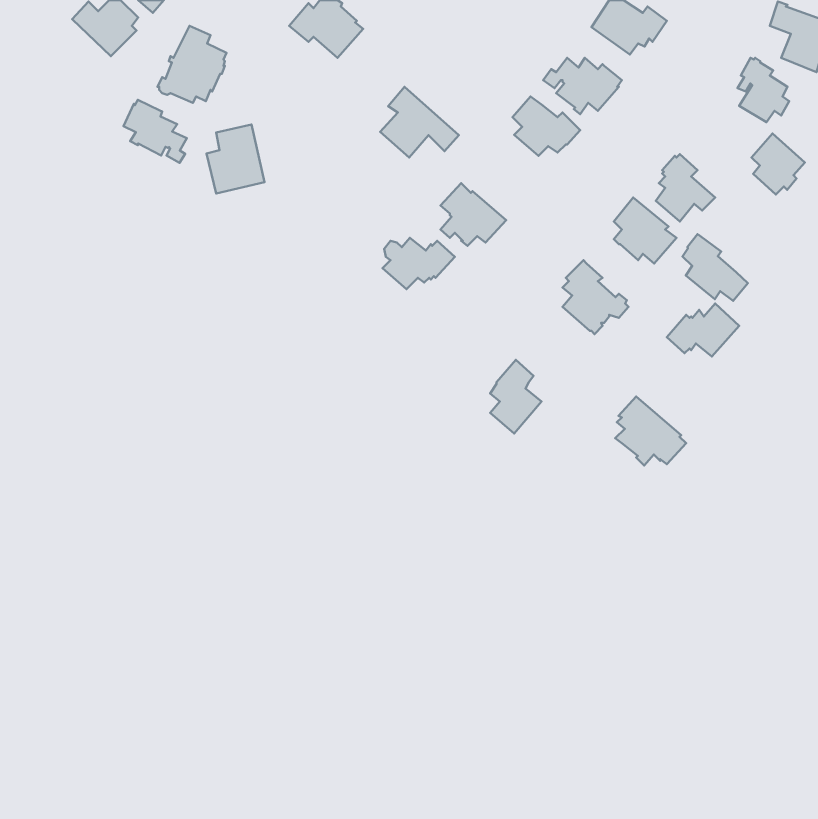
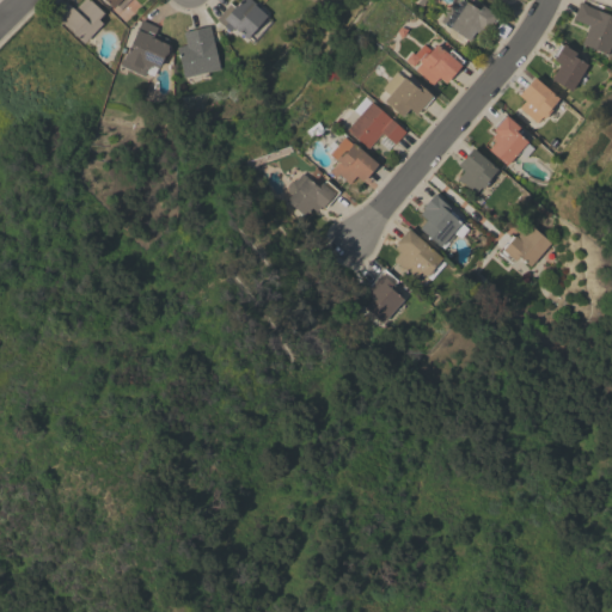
building: [380,87,459,158] -> [348,97,406,149]
building: [124,100,187,163] -> none
building: [207,124,264,194] -> [178,26,221,78]
building: [752,134,805,195] -> [520,78,559,123]
building: [683,234,748,301] -> none
building: [615,397,686,466] -> [394,230,447,281]

